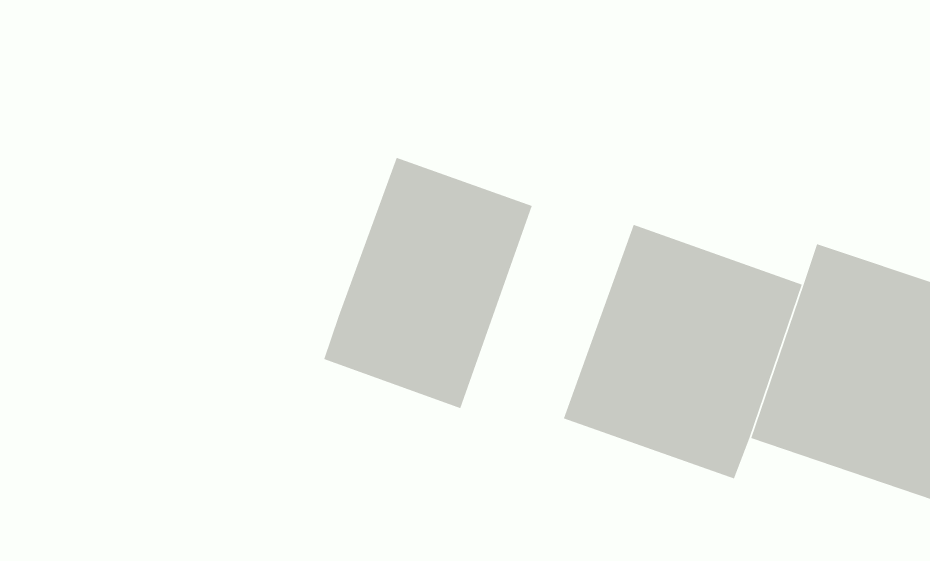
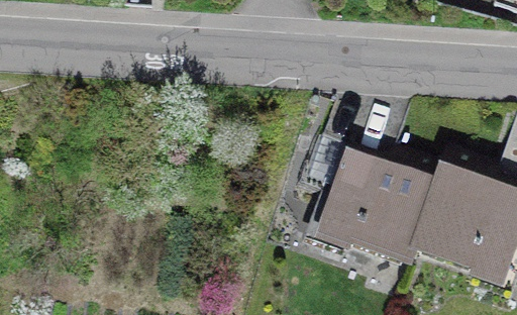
building: [323,157,533,409] -> none

